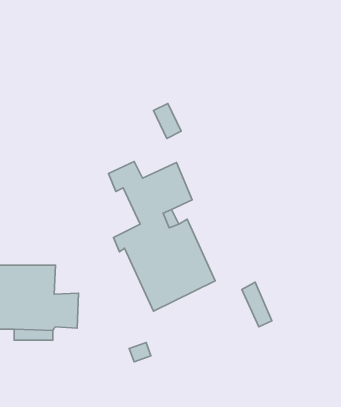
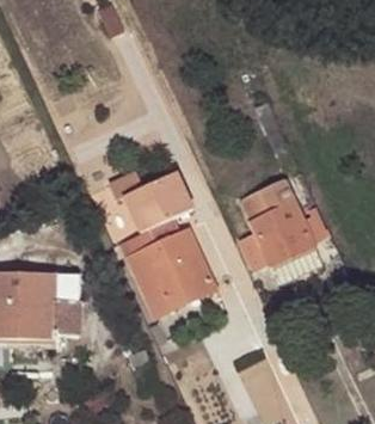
building: none -> [236,180,330,271]

